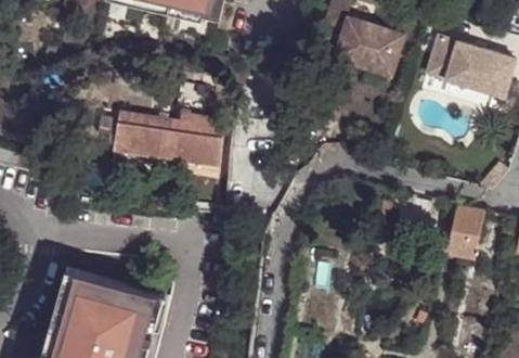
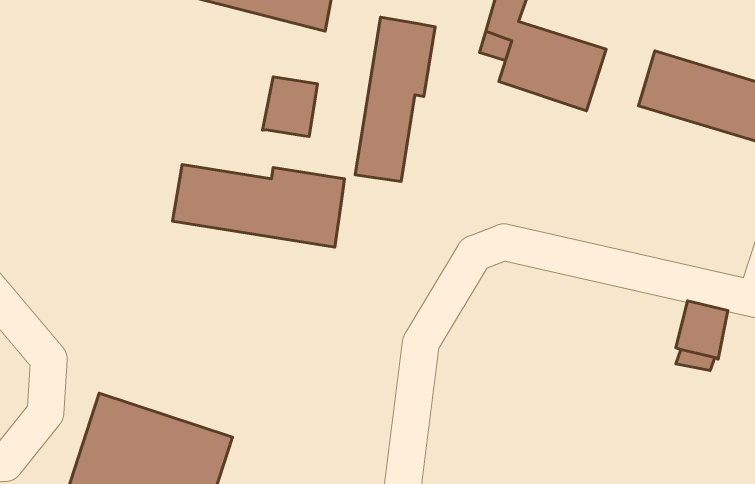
building: none -> [355,17,435,181]
building: none -> [262,77,318,136]

